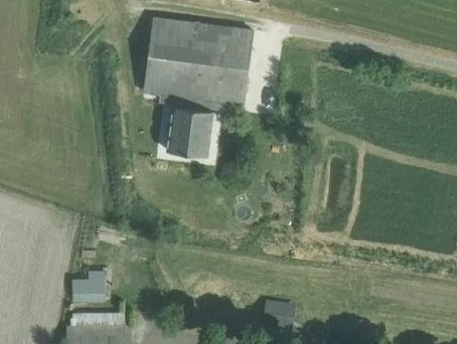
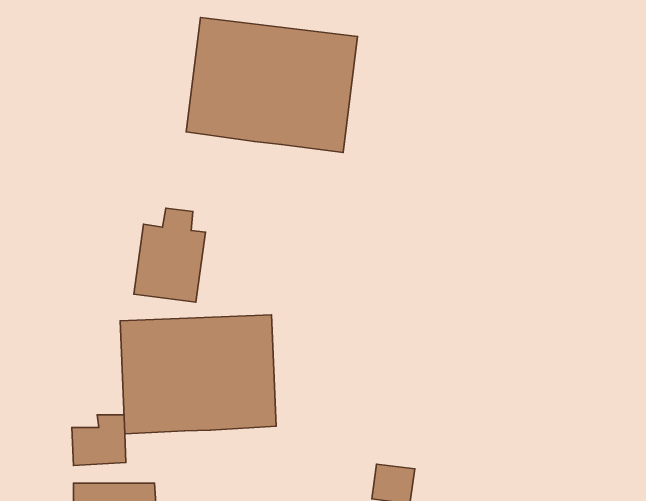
building: [167,97,212,156] -> [134,208,205,302]
building: none -> [120,315,276,434]

